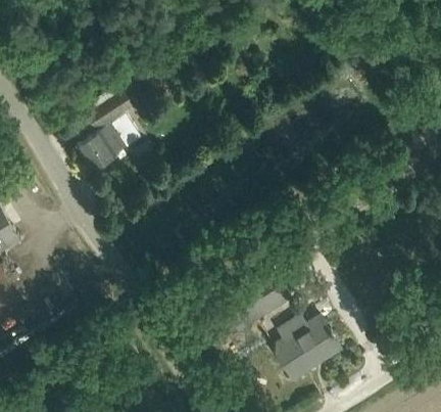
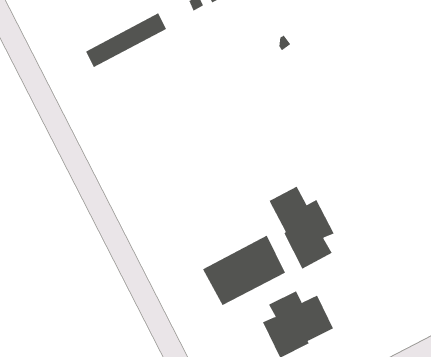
building: [76,117,140,172] -> none
building: none -> [267,186,335,269]

